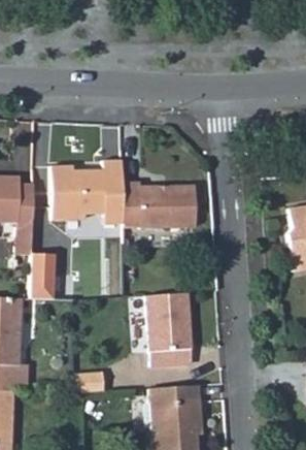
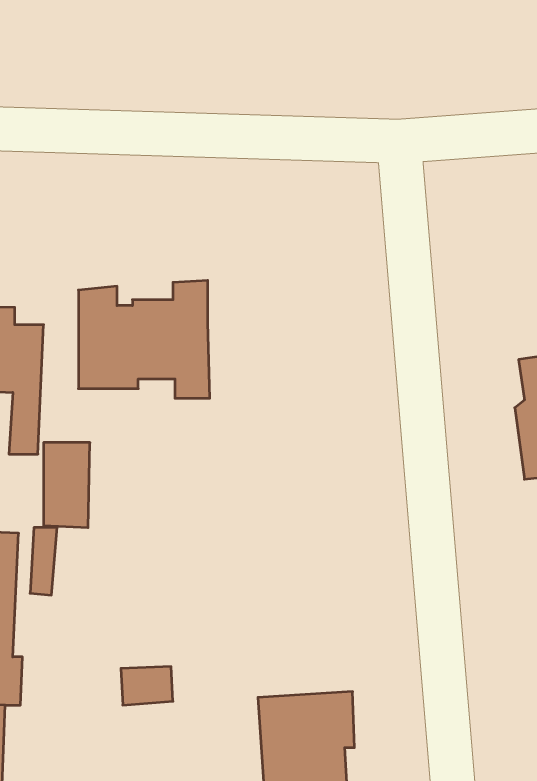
building: [124,184,196,228] -> none
building: [148,293,194,364] -> none

